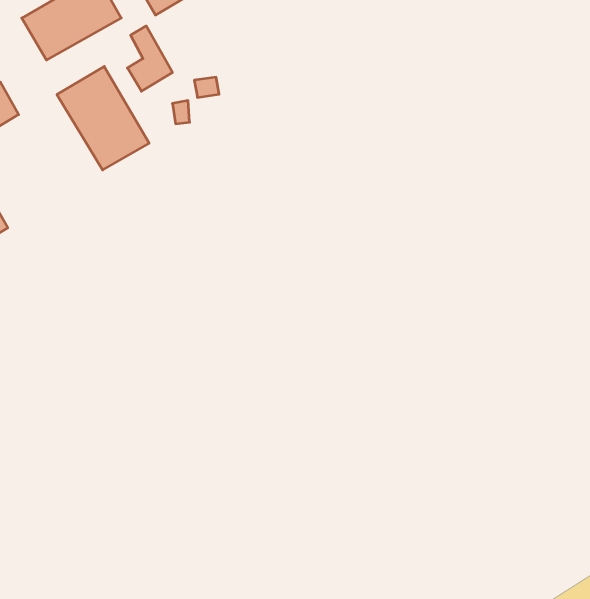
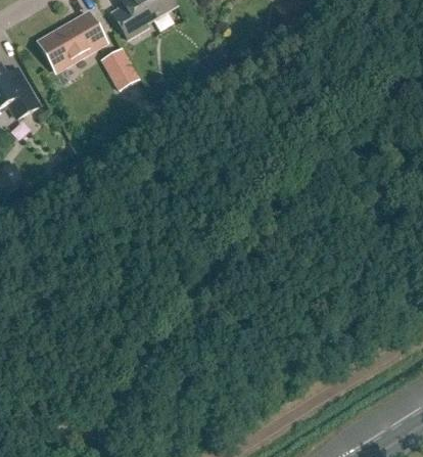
building: [57,66,149,170] -> none

